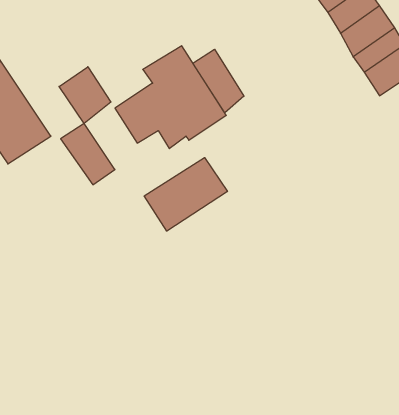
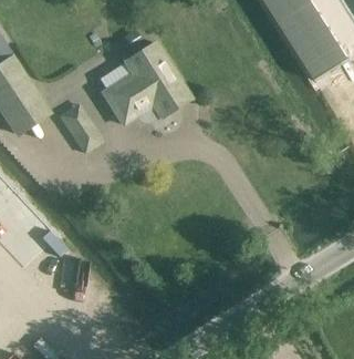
building: [193,49,244,113] -> none
building: [59,67,111,124] -> none
building: [144,158,227,231] -> none

